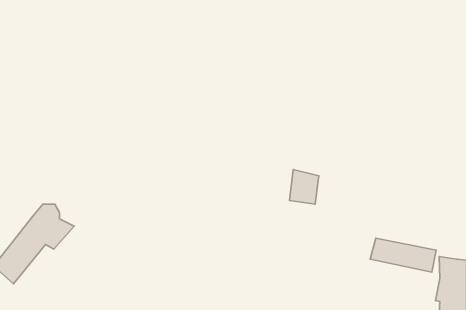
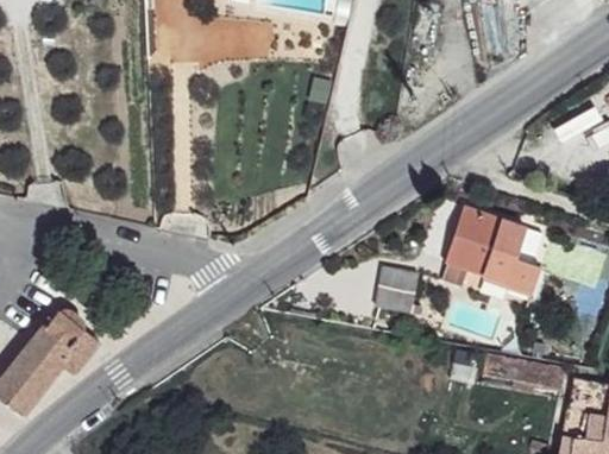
building: none -> [448,206,542,291]

